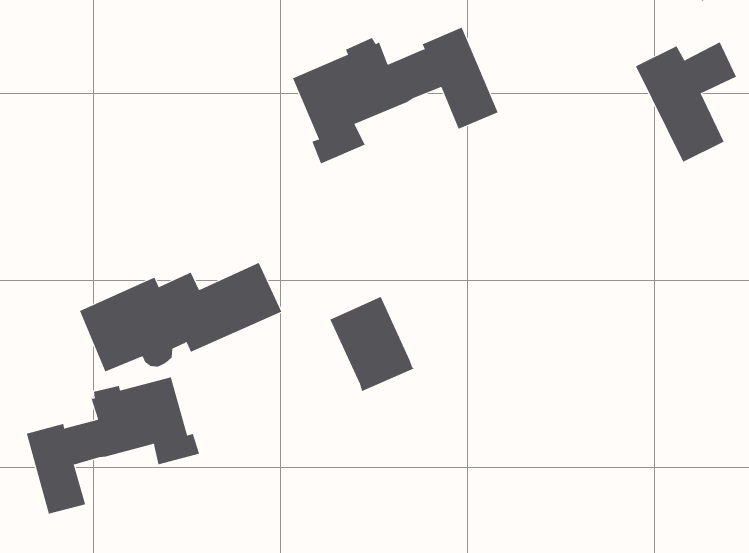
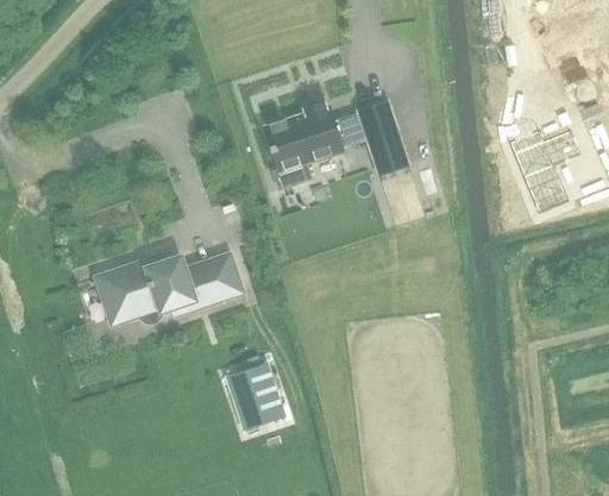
building: [330,296,415,392] -> [230,362,287,428]
building: [26,377,200,515] -> none

